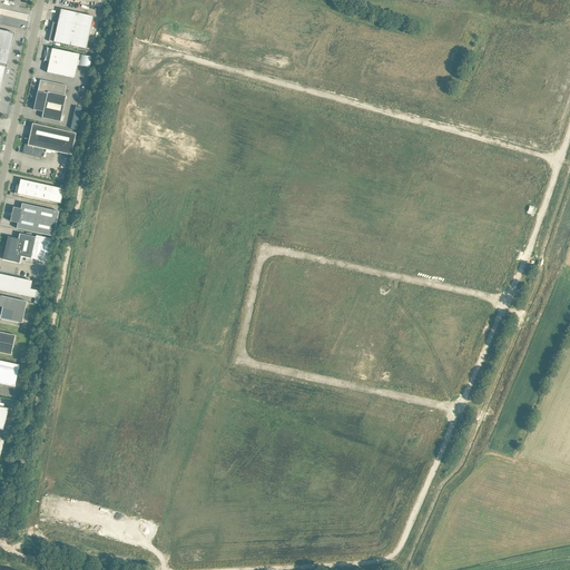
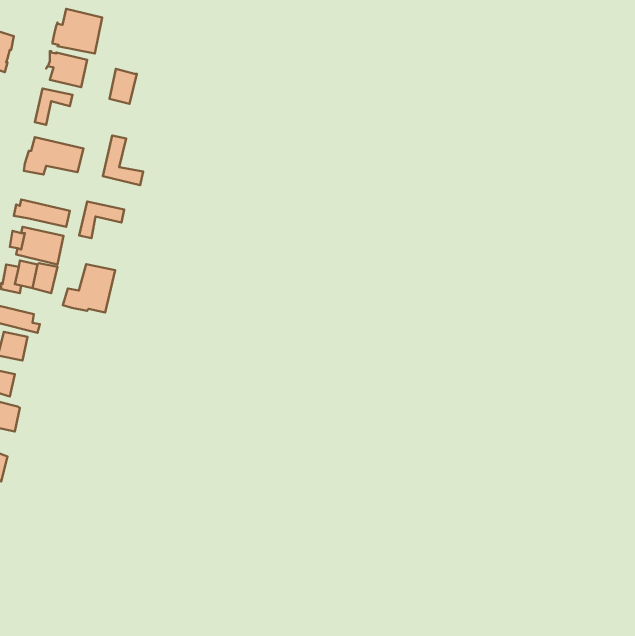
building: [40,90,65,121] -> [110,69,137,104]
building: none -> [103,135,143,185]
building: none -> [79,201,124,238]
building: none -> [63,264,115,312]

